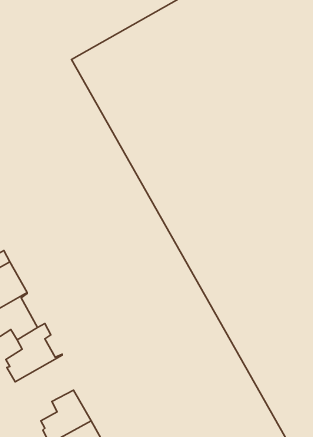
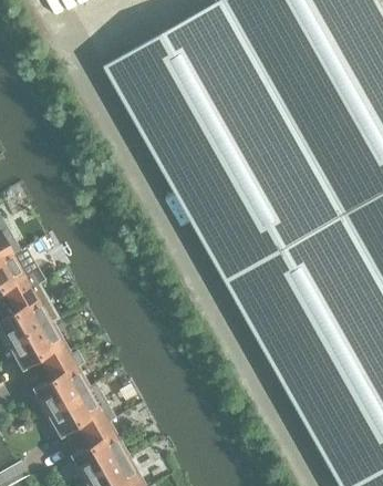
building: none -> [44,385,114,435]

